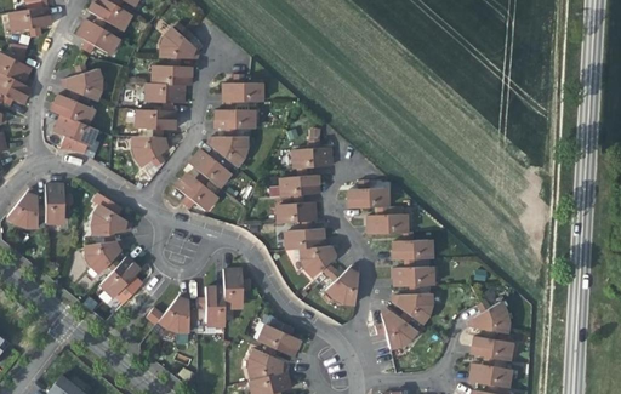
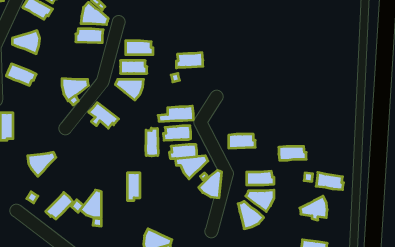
building: [146,82,184,103] -> none
building: [52,95,92,125] -> none
building: [137,109,175,129] -> none
building: [294,147,331,169] -> [176,53,203,68]
building: [190,149,229,187] -> none
building: [349,188,388,207] -> none
building: [91,202,132,235] -> none
building: none -> [146,128,158,156]
building: [393,240,432,259] -> [279,146,306,160]
building: [101,257,139,295] -> [46,192,73,219]
building: [206,287,226,325] -> none
building: [258,325,301,356] -> none
building: [472,336,511,360] -> [316,172,344,190]

